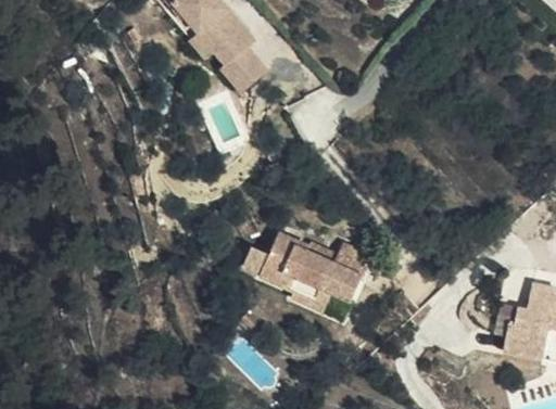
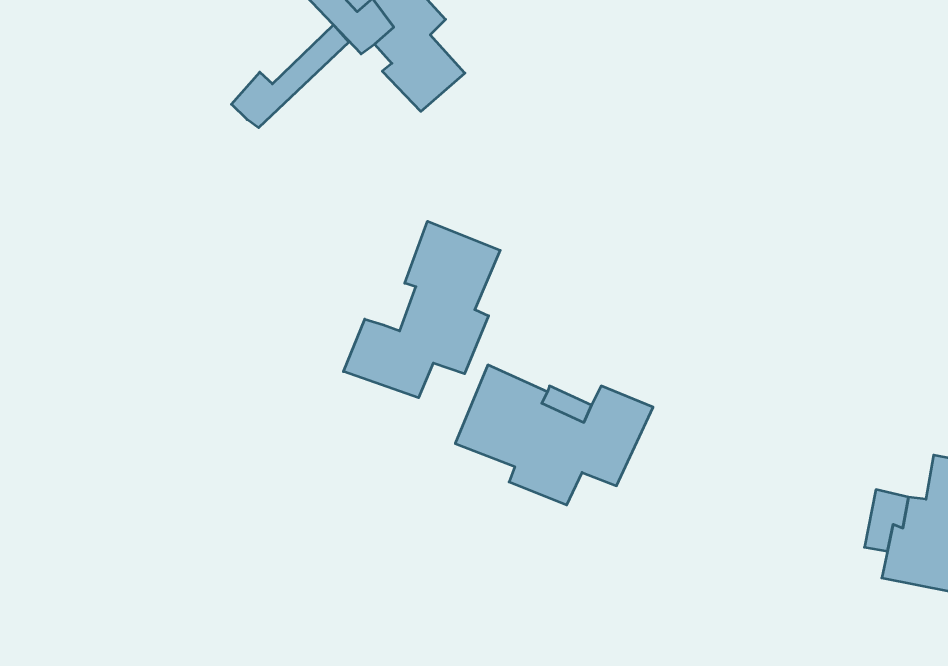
building: none -> [231,25,349,128]
building: none -> [343,221,500,398]

